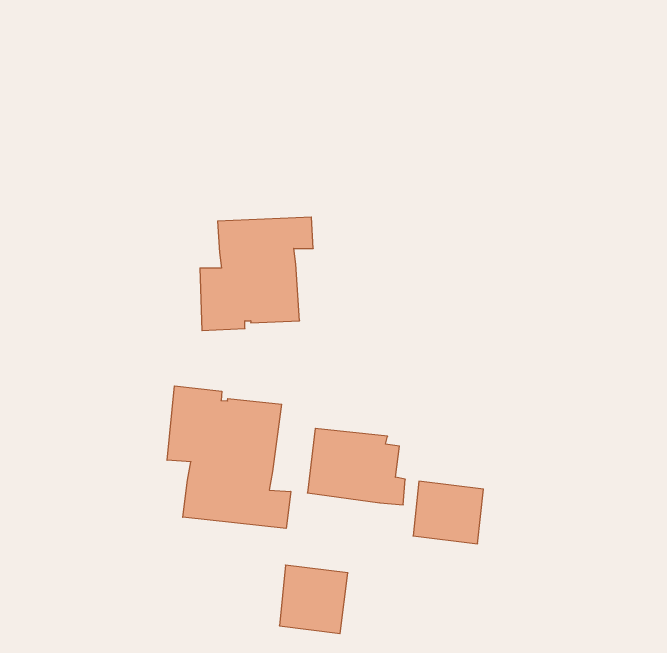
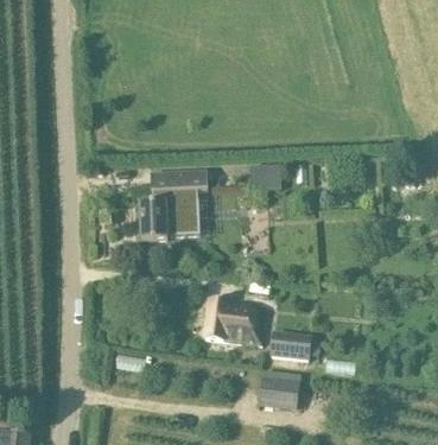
building: [167,386,291,528] -> none
building: [279,565,348,634] -> [260,369,301,411]

